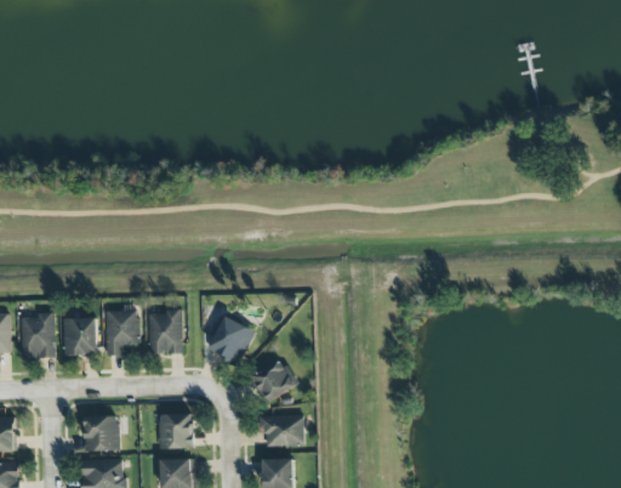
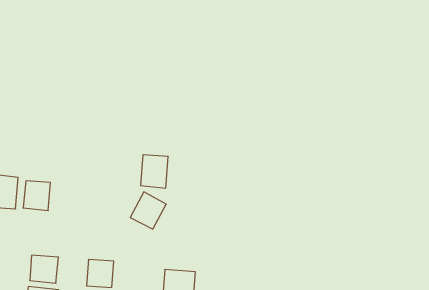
building: [106,305,139,356] -> none
building: [148,311,183,353] -> [141,155,168,188]
building: [252,359,296,402] -> none

